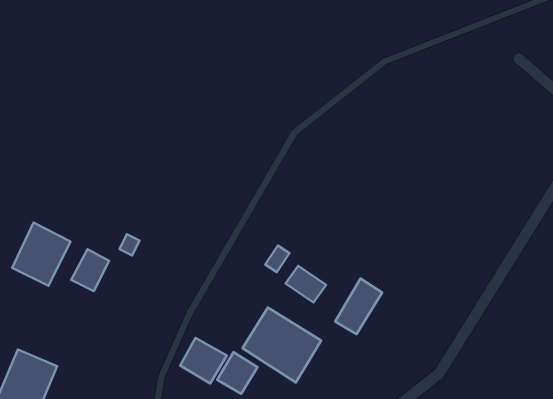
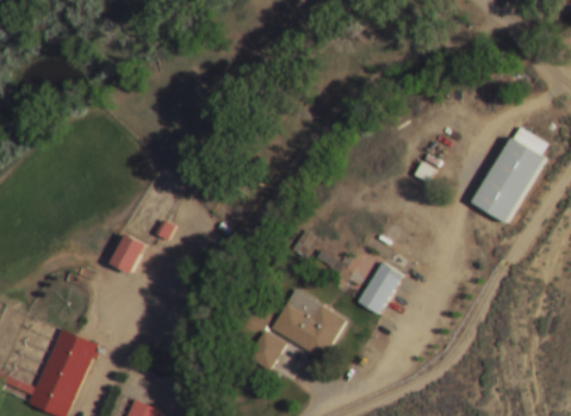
building: none -> [472,128,546,223]
building: [12,223,71,286] -> none
building: [180,338,227,384] -> none

